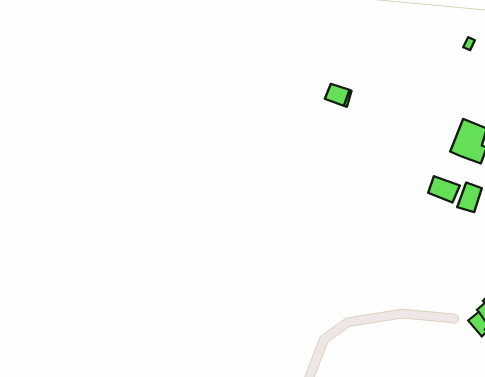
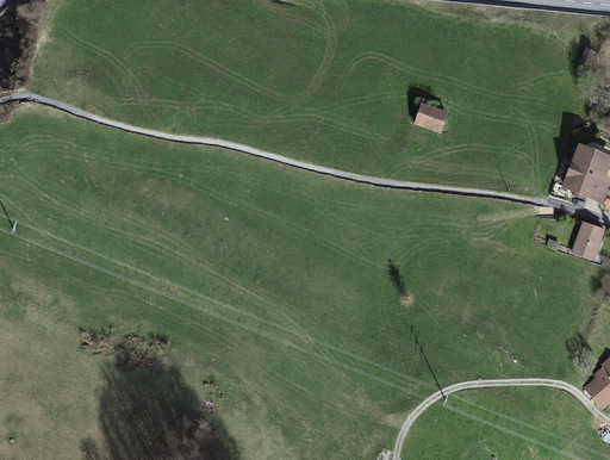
building: [428,176,460,202] -> none

